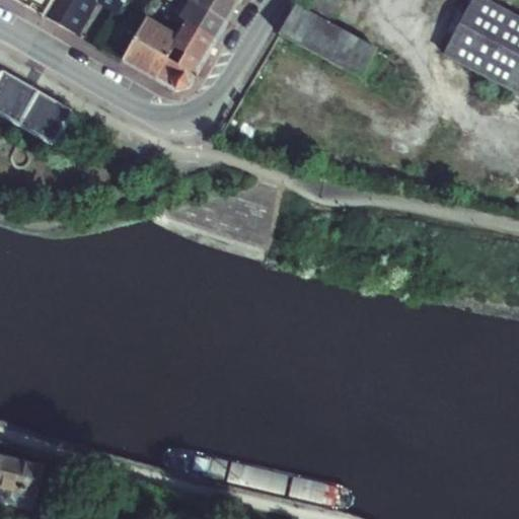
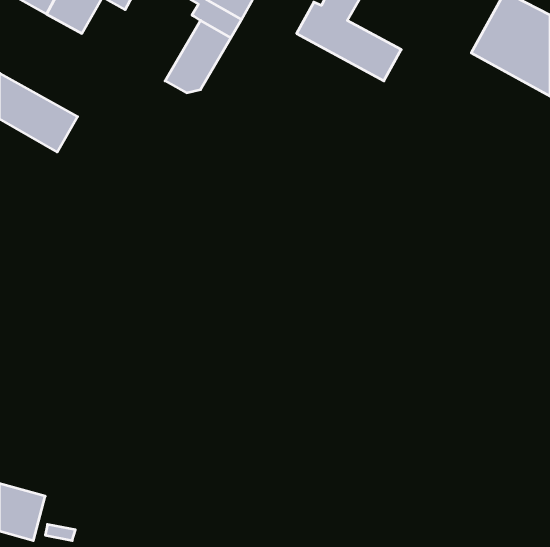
building: [122,11,189,76] -> none

